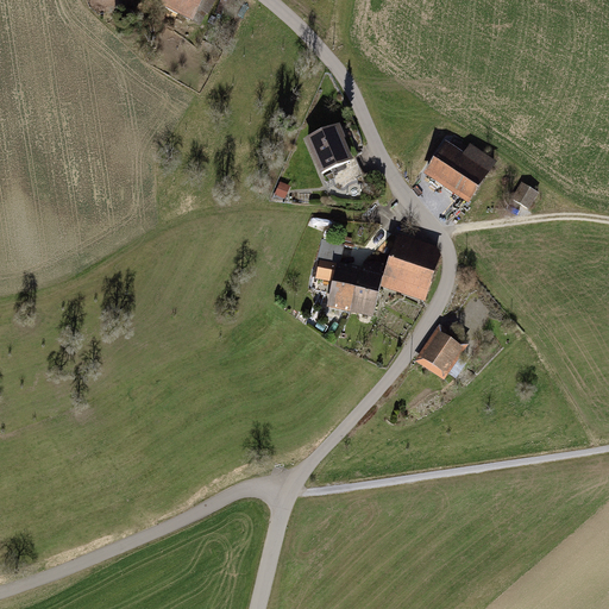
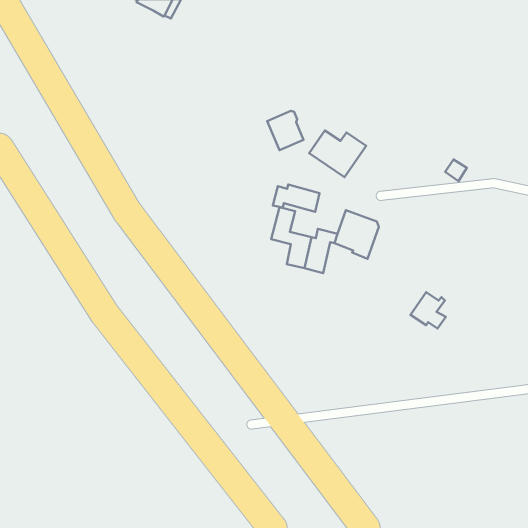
building: [427,145,492,199] -> [309,130,366,177]
building: none -> [273,185,320,212]
building: [422,334,463,376] -> [411,292,446,328]

